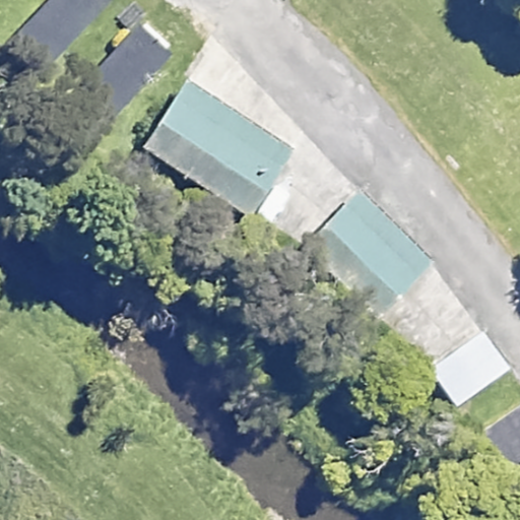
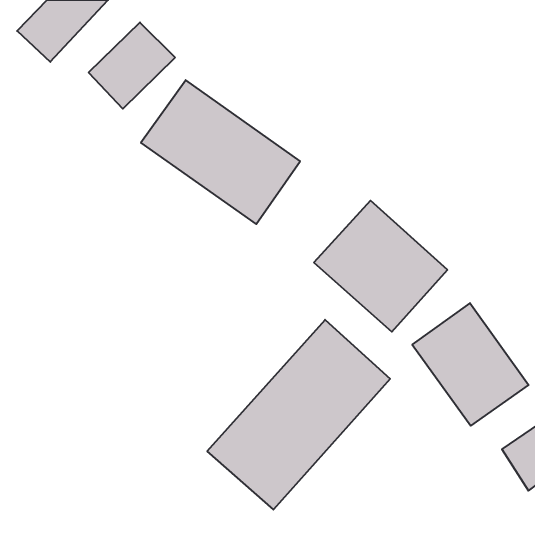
building: none -> [207,320,390,510]

